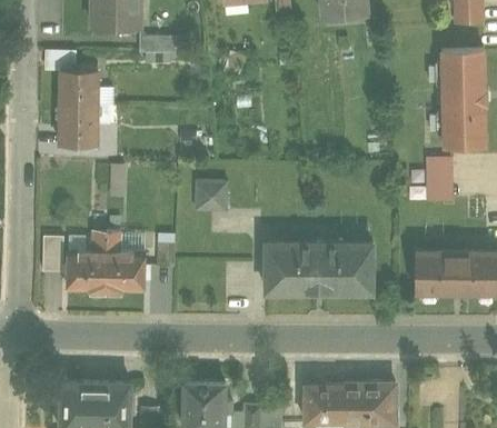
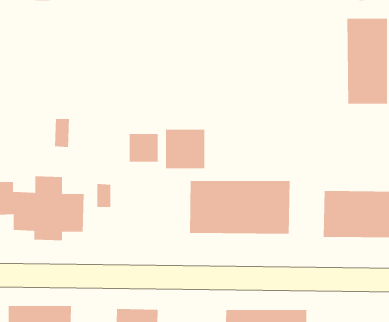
building: [138,38,177,57] -> none
building: [58,69,109,148] -> none
building: [425,159,451,206] -> none
building: none -> [165,129,205,169]

